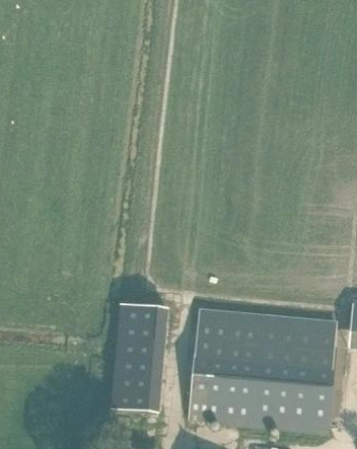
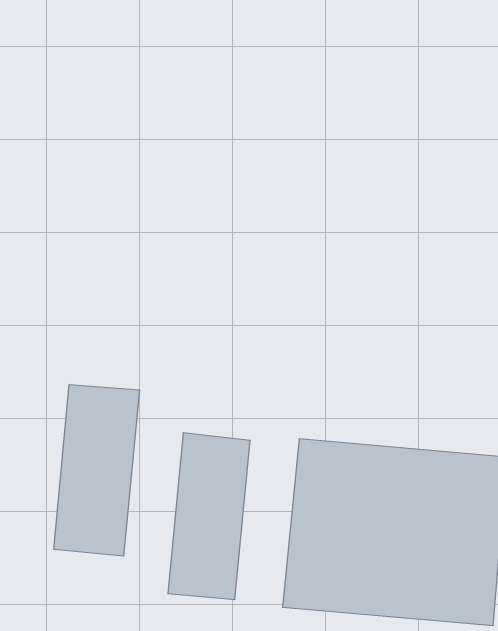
building: none -> [54,384,139,556]

